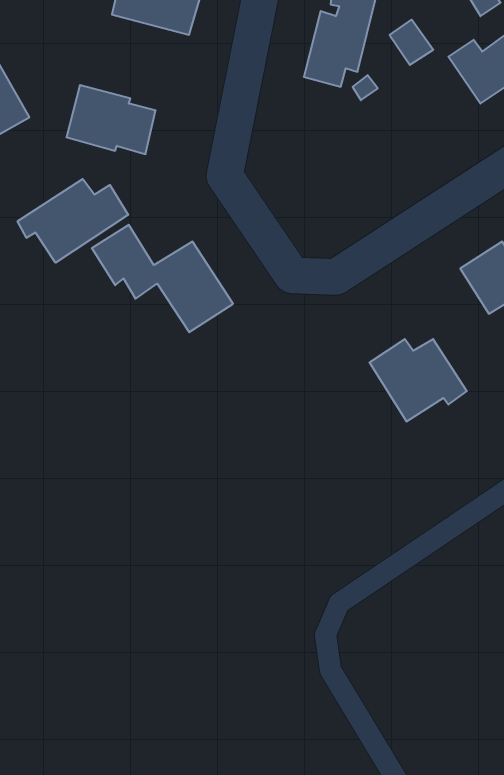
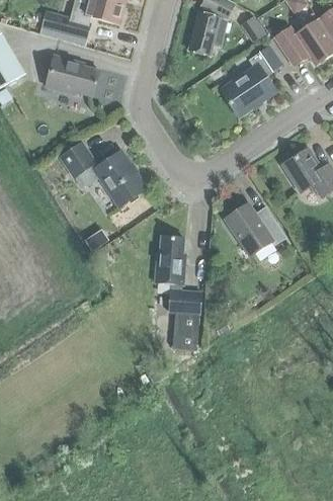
building: none -> [40,10,91,39]
building: none -> [221,46,282,116]
building: [18,179,128,263] -> none
building: none -> [155,237,201,351]

